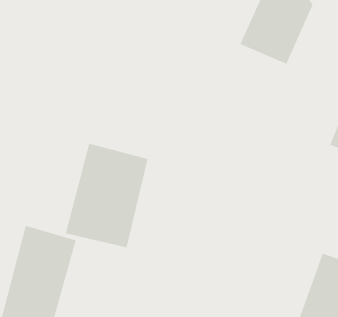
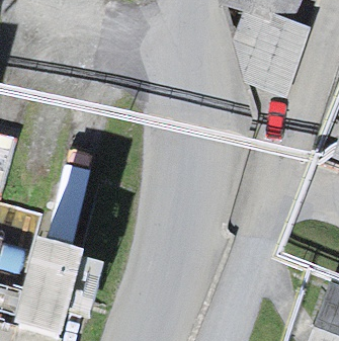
building: [65,143,148,248] -> none

